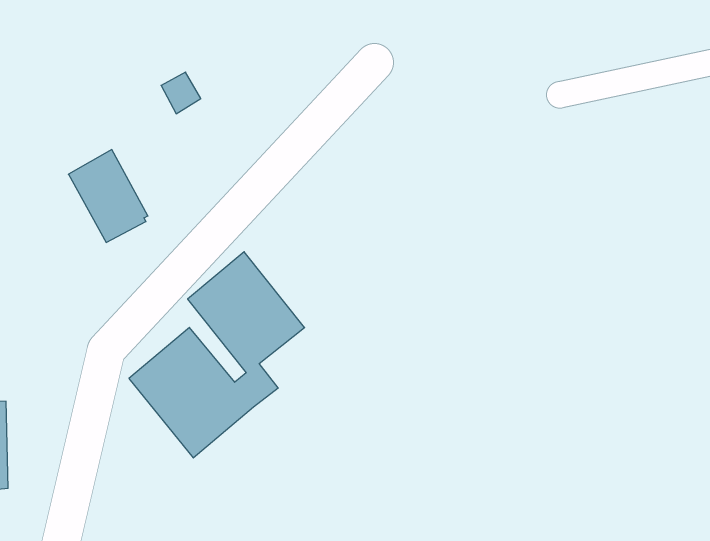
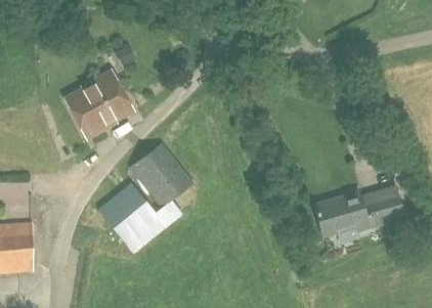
building: none -> [88,71,131,122]
building: none -> [314,187,403,233]

